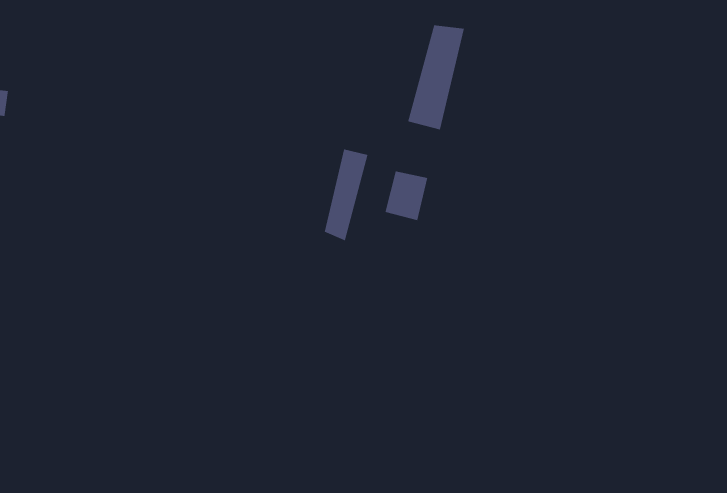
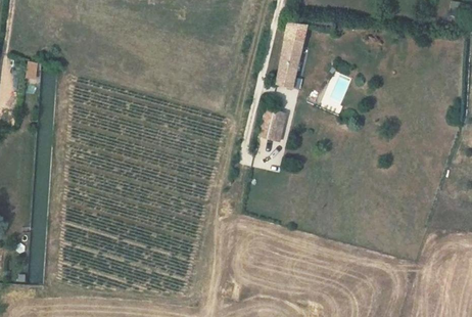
building: [324,149,368,241] -> none

